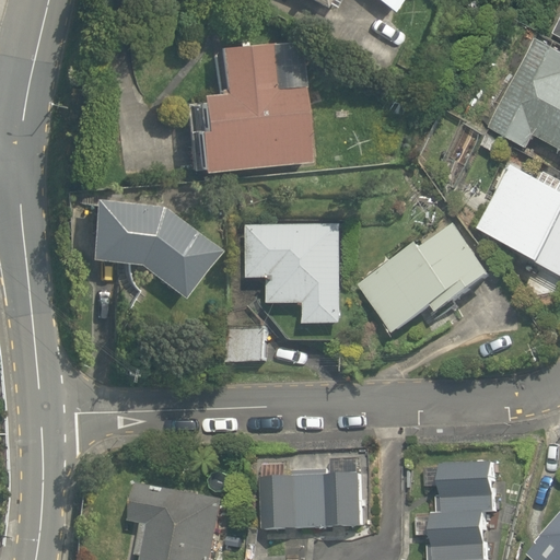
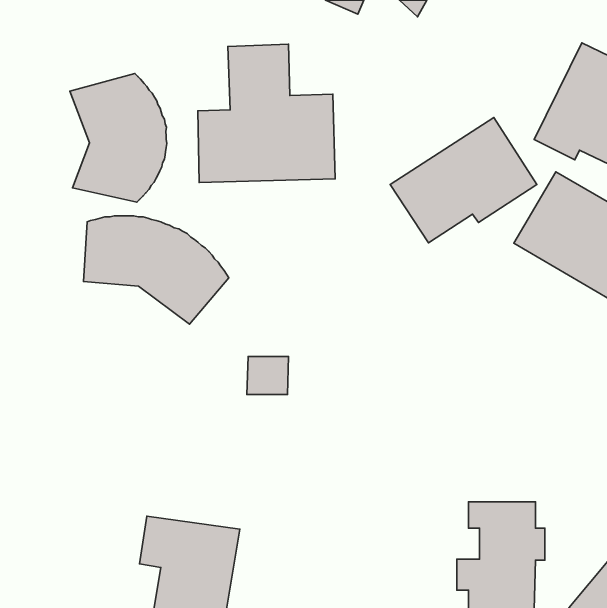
building: none -> [70,73,167,202]
building: [355,220,490,335] -> [390,118,537,243]
building: [244,225,342,331] -> none
building: [256,454,374,536] -> none

